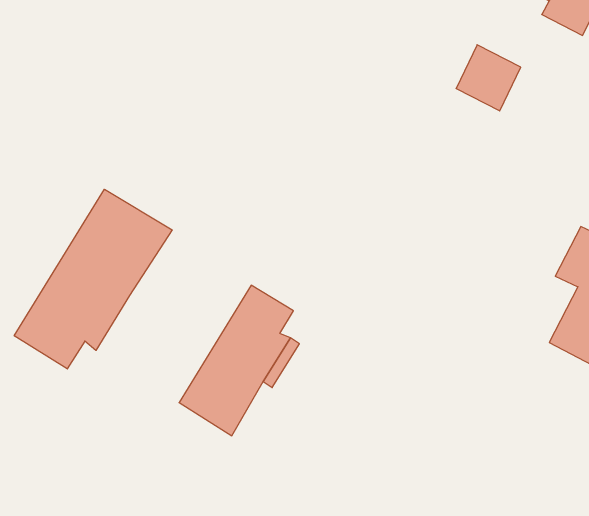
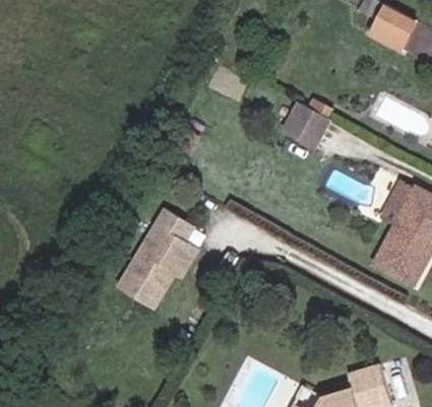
building: [456,45,521,111] -> [280,98,323,143]
building: [14,189,172,369] -> none

